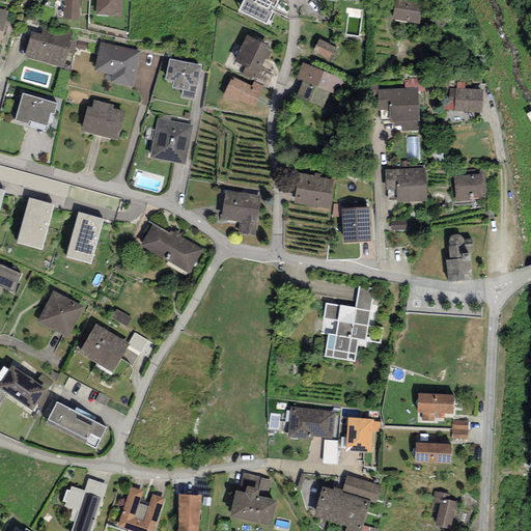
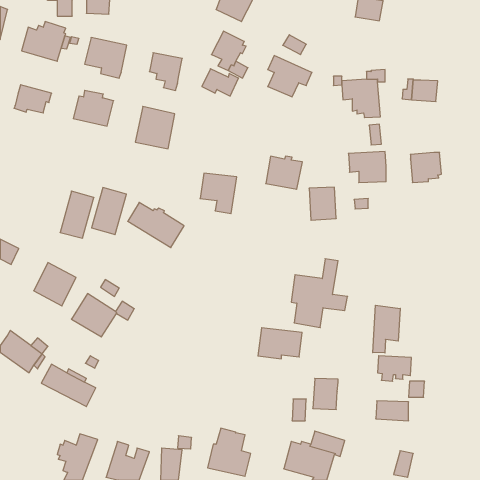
building: [16,197,54,249] -> [92,188,126,235]
building: [446,233,473,281] -> none
building: none -> [373,305,400,353]
building: [286,406,335,440] -> [258,328,302,359]

